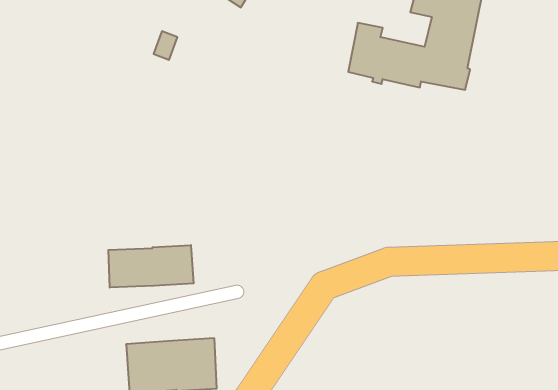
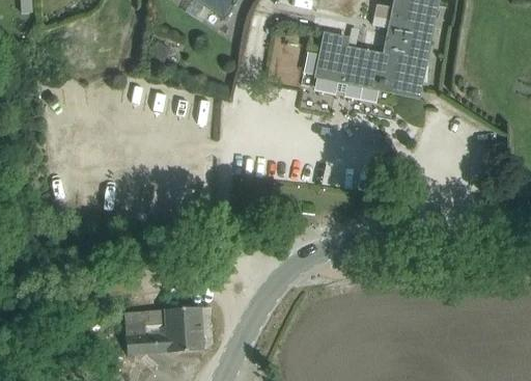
building: [108,245,194,288] -> none

